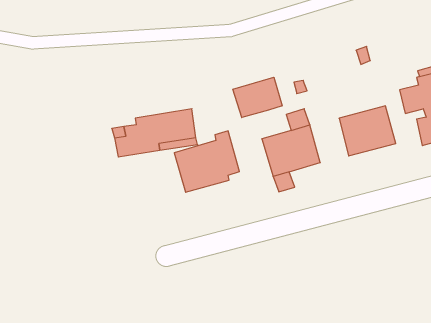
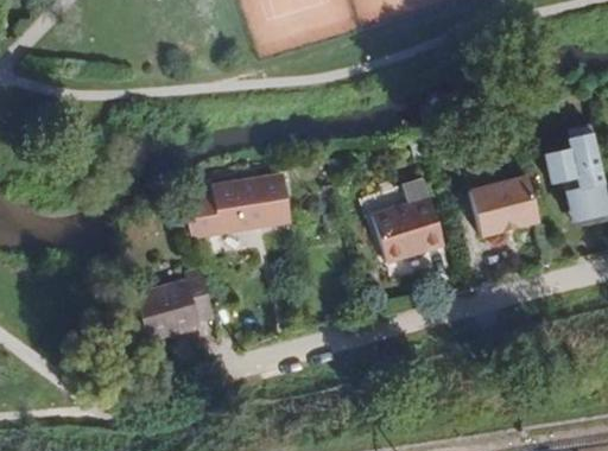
building: [233,77,282,118] -> none
building: [174,131,239,192] -> [133,266,215,343]

